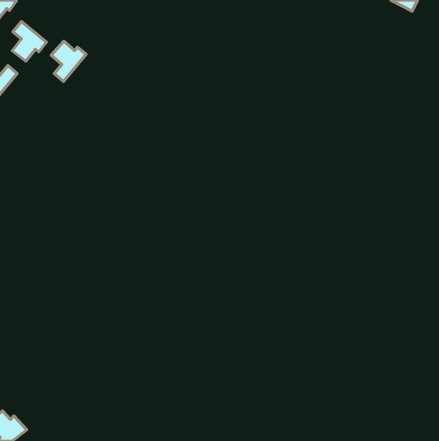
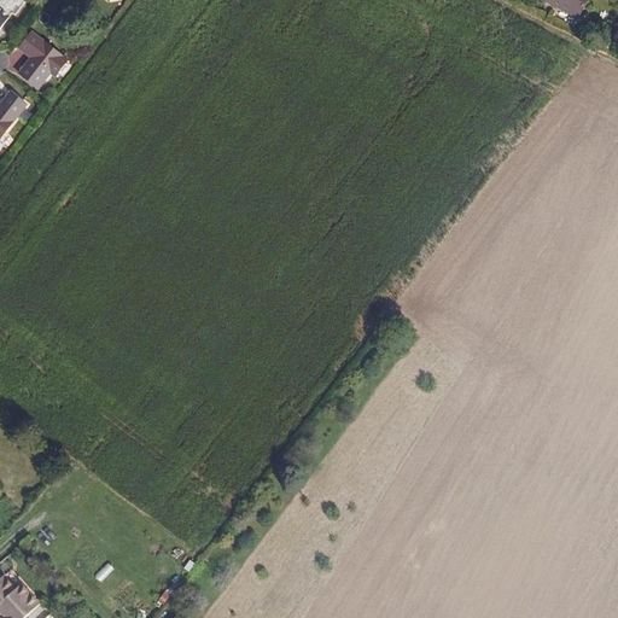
building: [51,41,86,82] -> none

